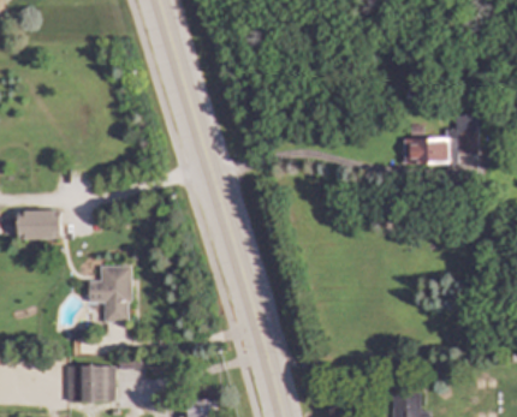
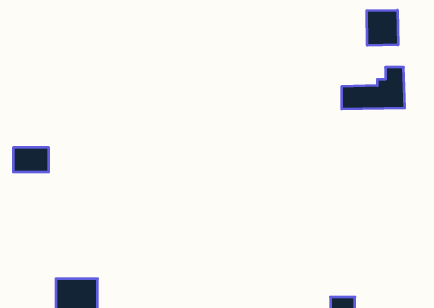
building: none -> [367,10,398,45]
building: [88,266,130,322] -> none

